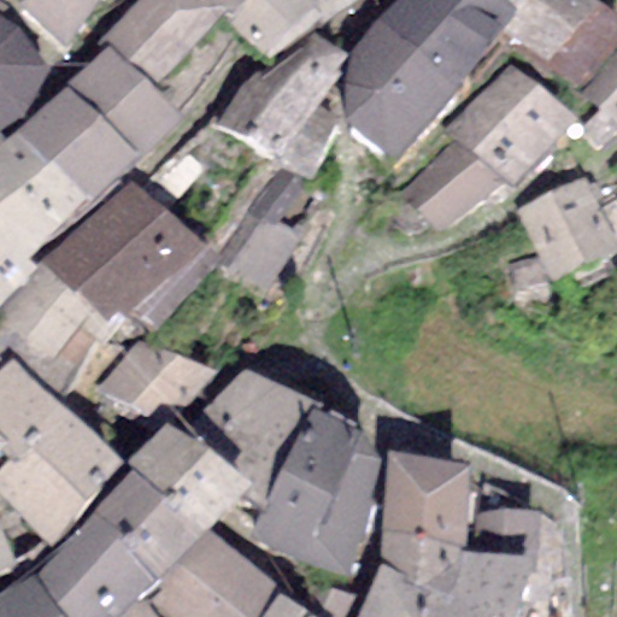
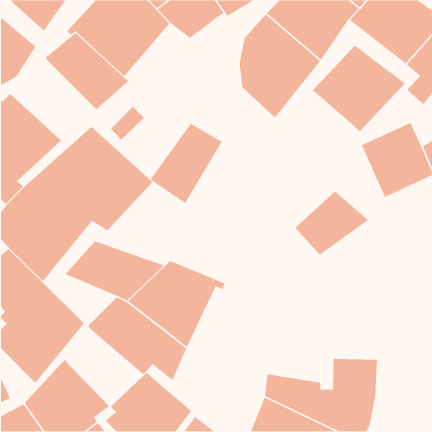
building: [215,35,345,180] -> none
building: [16,86,139,200] -> none
building: [399,139,505,231] -> [294,190,369,256]
building: [251,409,380,576] -> none
building: [381,449,471,545] -> none
building: [93,469,205,578] -> none

